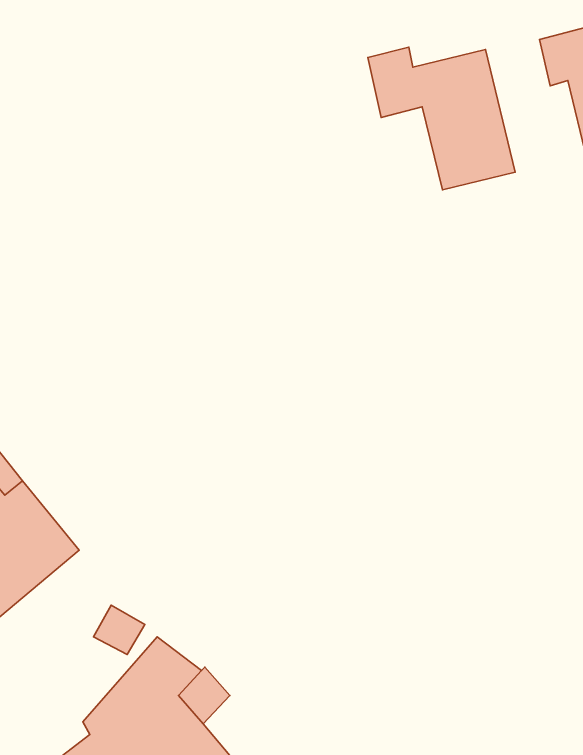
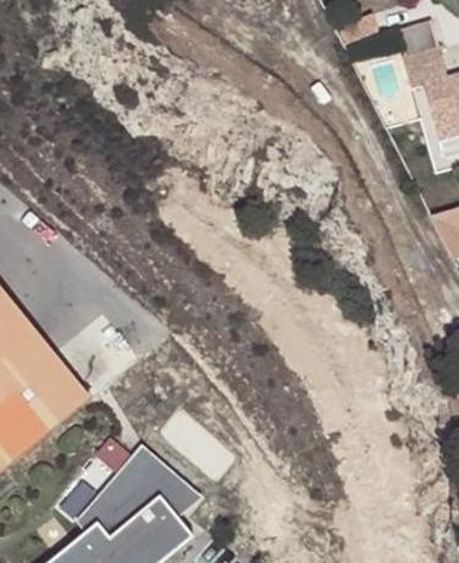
building: [368,47,515,190] -> none

